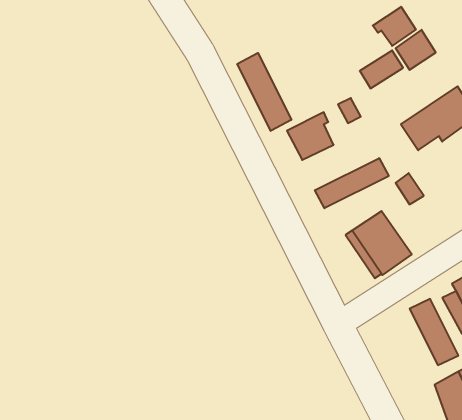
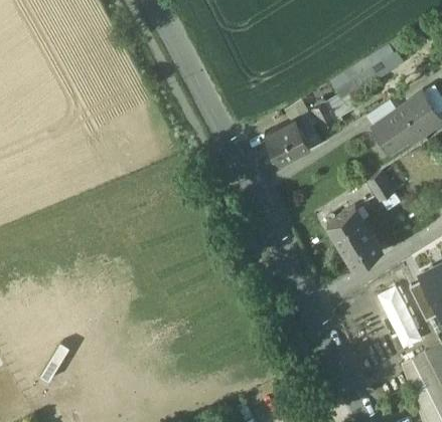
building: [373,7,416,46] -> none
building: [237,53,291,131] -> none
building: [315,158,389,208] -> none

